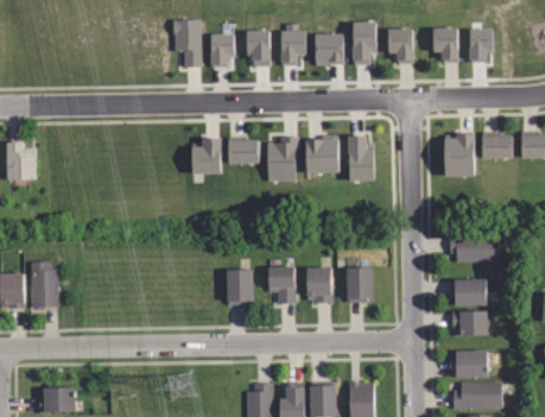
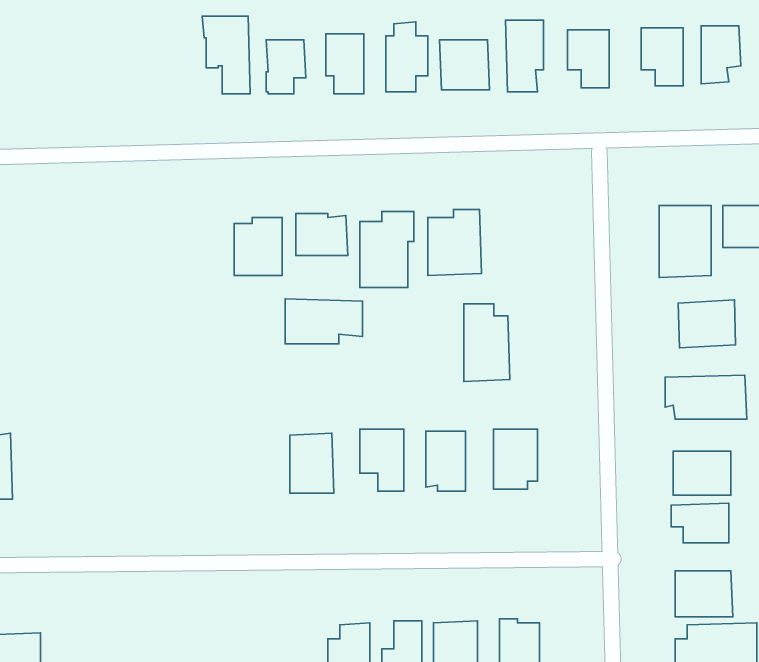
building: [348,135,375,182] -> [464,304,510,382]
building: none -> [285,299,362,344]
building: none -> [678,300,735,348]

